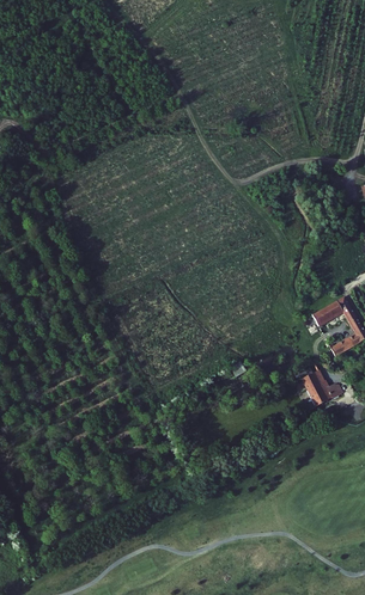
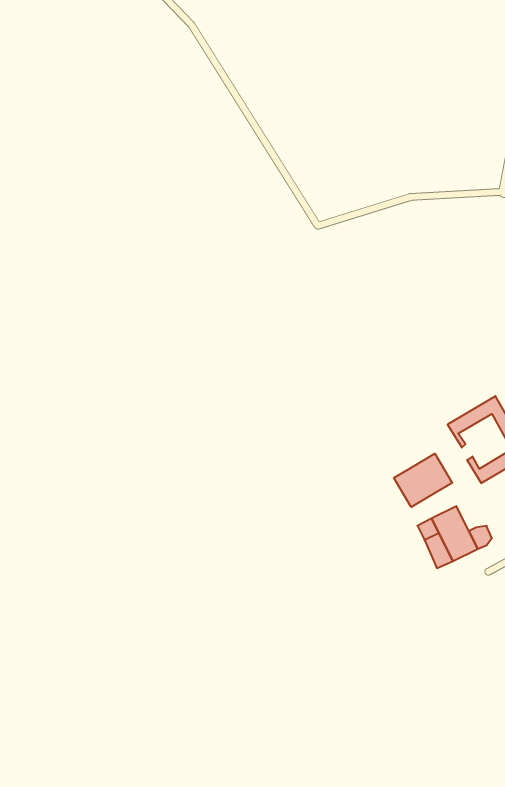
building: none -> [394,454,452,507]

